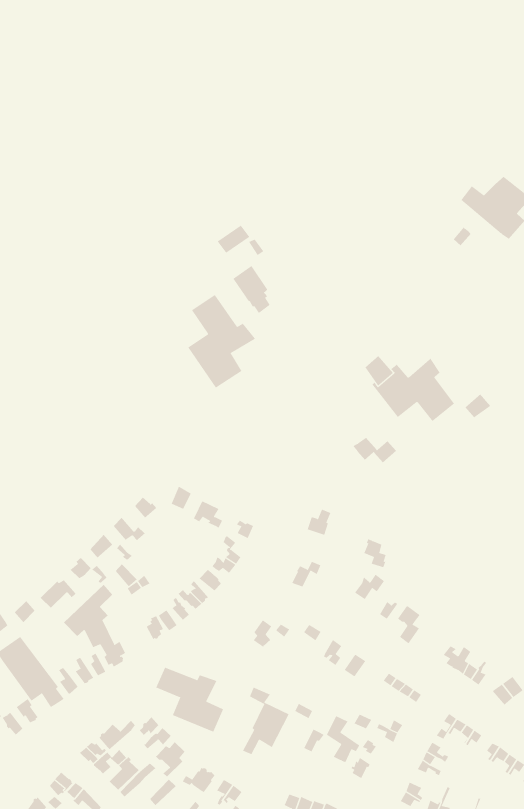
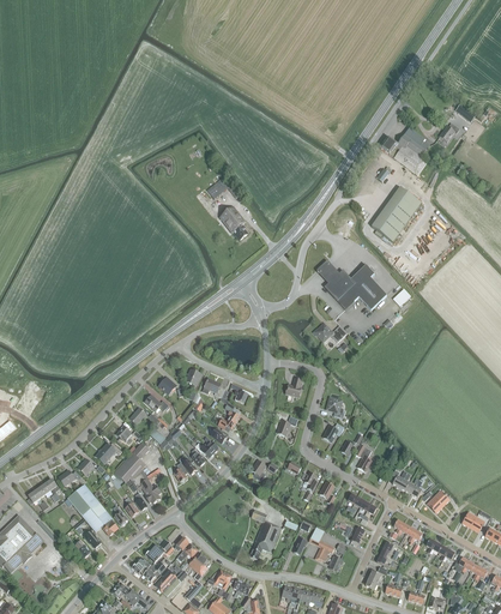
building: none -> [372,187,421,241]
building: [188,294,257,388] -> none
building: [156,667,224,732] -> none

